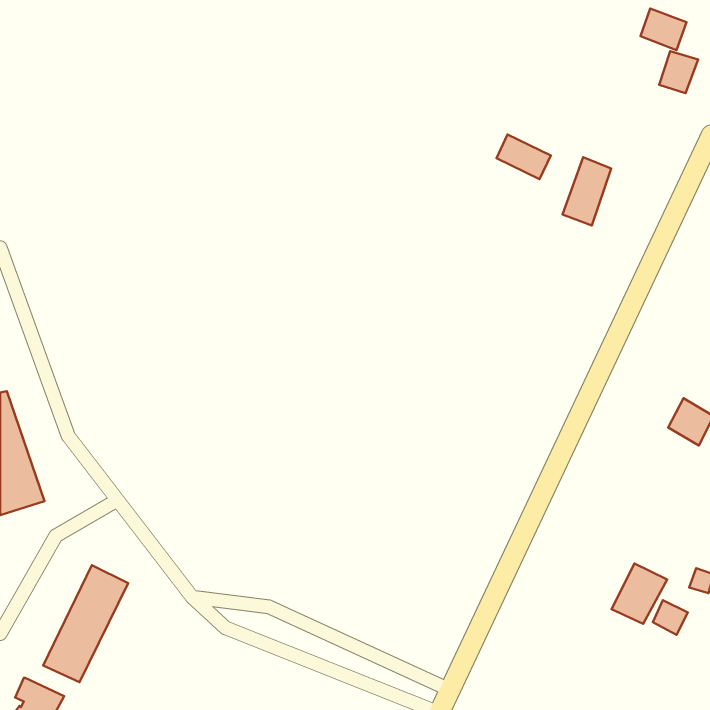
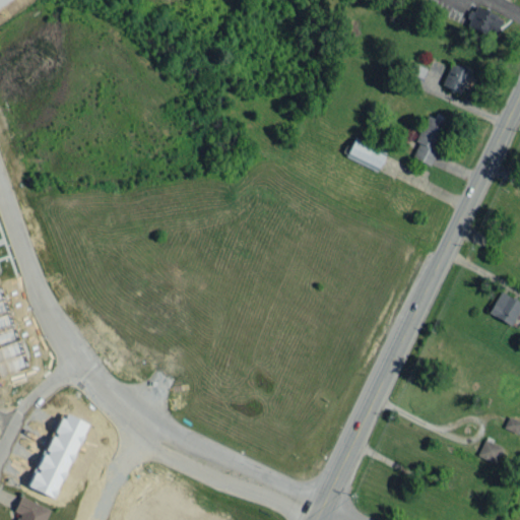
building: [659,51,698,93] -> [443,63,471,93]
building: [496,134,551,179] -> [346,139,386,172]
building: [612,564,667,624] -> none

